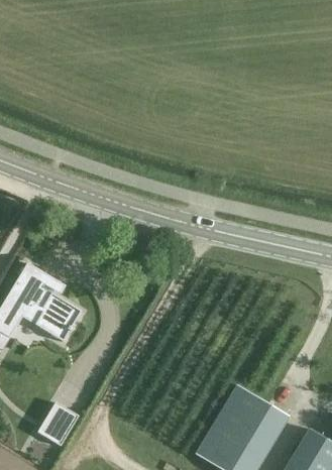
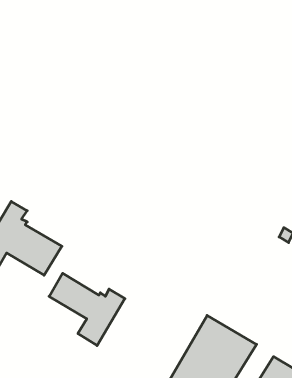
building: none -> [49,273,125,346]
building: [38,403,75,442] -> none

